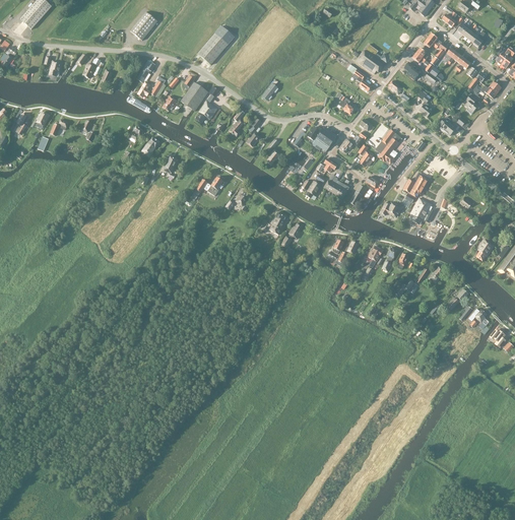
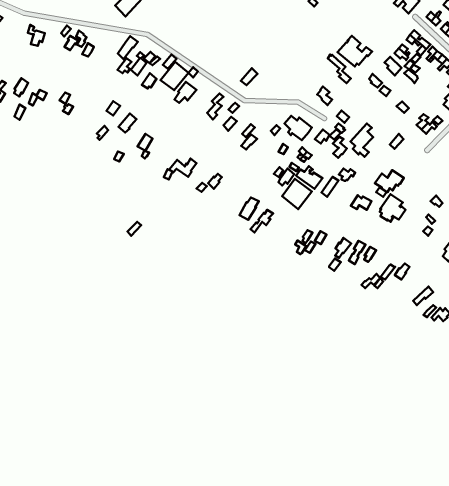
building: [198,24,235,64] -> none
building: none -> [282,179,312,209]

